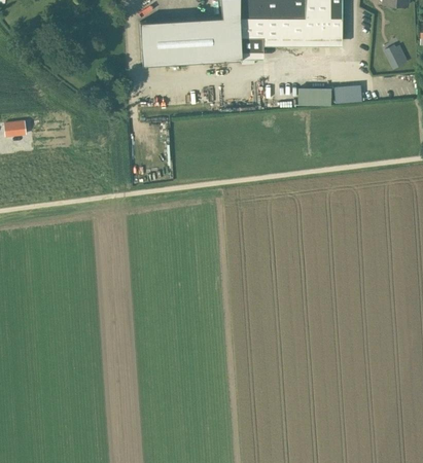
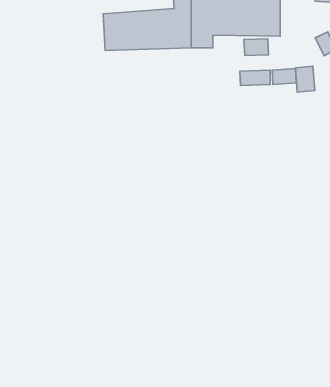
building: none -> [244,39,269,55]
building: none -> [295,66,315,92]

